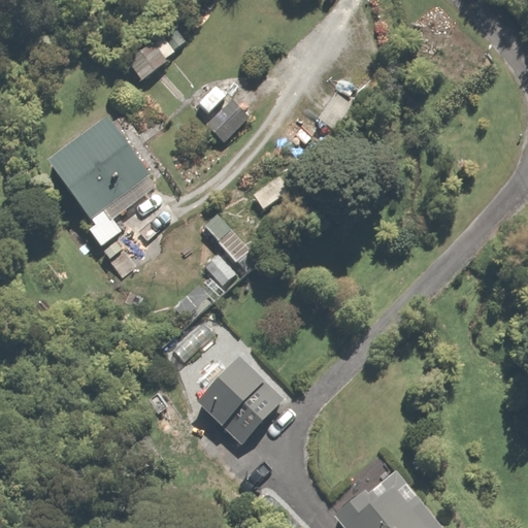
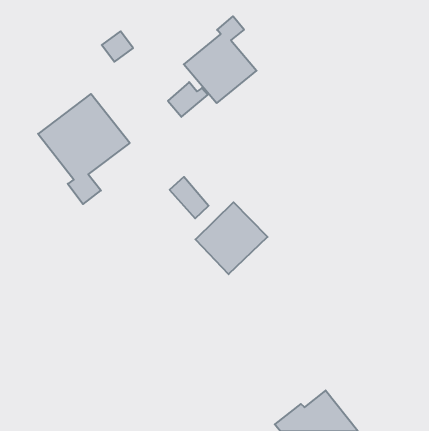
building: none -> [184,16,257,103]
building: [198,356,286,443] -> [195,202,268,274]

